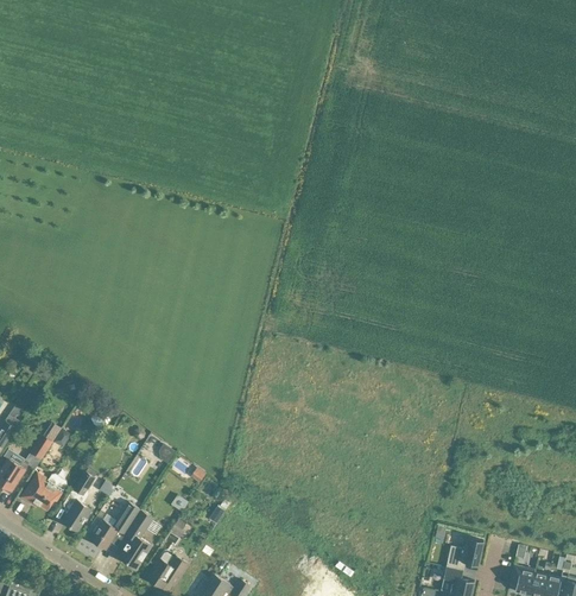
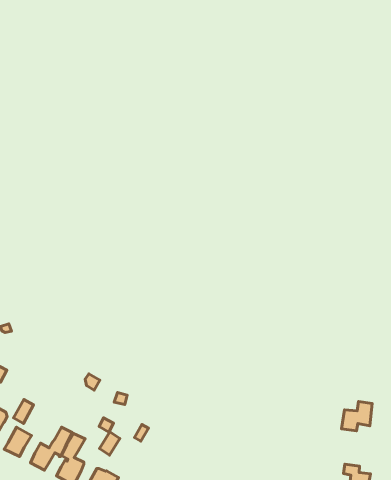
building: [445,538,482,571] -> [342,401,372,431]

